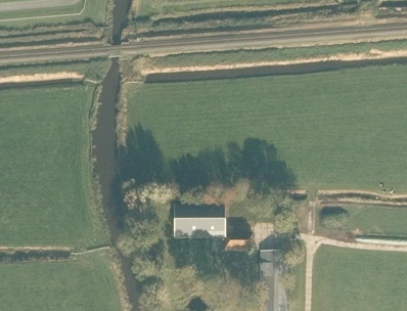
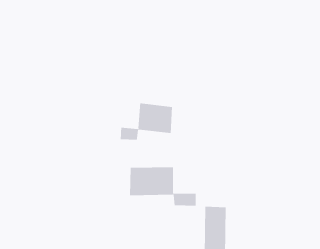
building: none -> [120,103,172,140]

